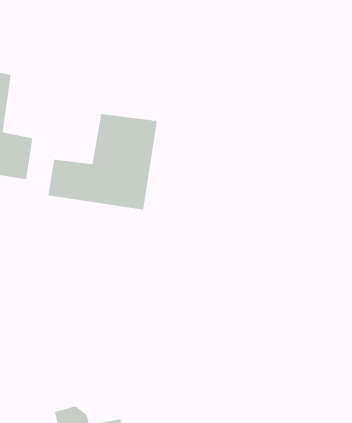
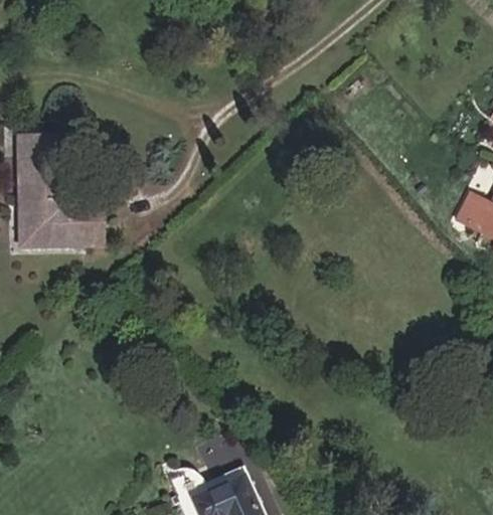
building: [47,113,158,211] -> none

